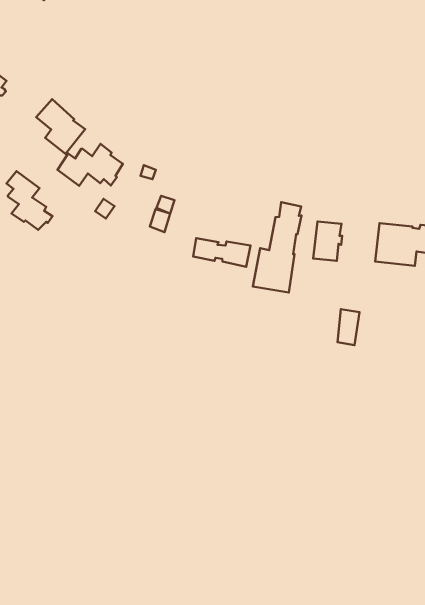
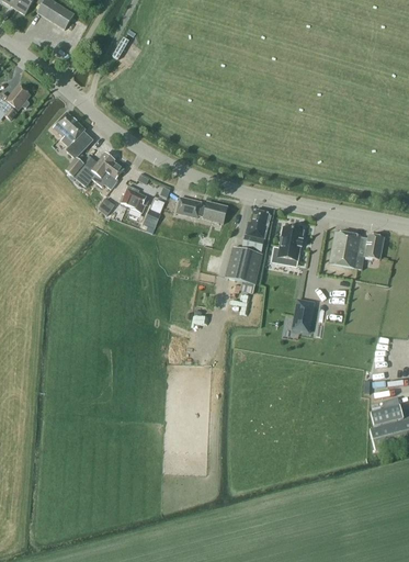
building: [6,171,52,230] -> none
building: none -> [120,184,147,212]
building: [193,238,250,267] -> [179,196,227,223]

